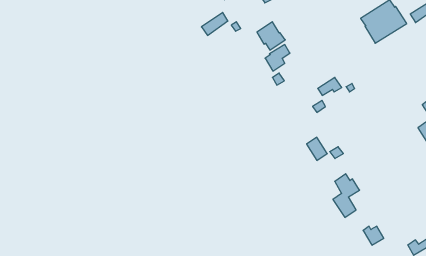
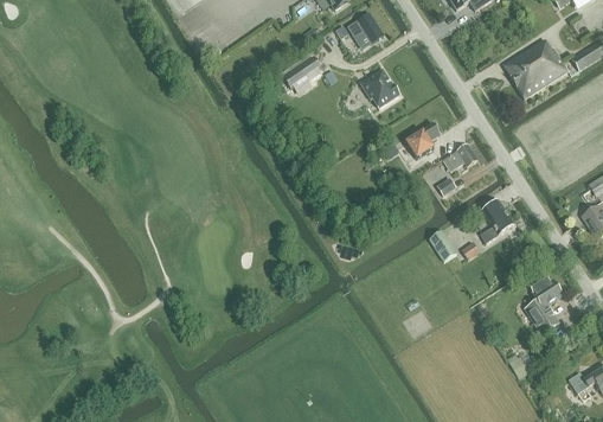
building: [265,45,290,71] -> [406,122,441,159]
building: none -> [480,199,515,244]
building: [333,174,360,217] -> [526,273,563,333]

